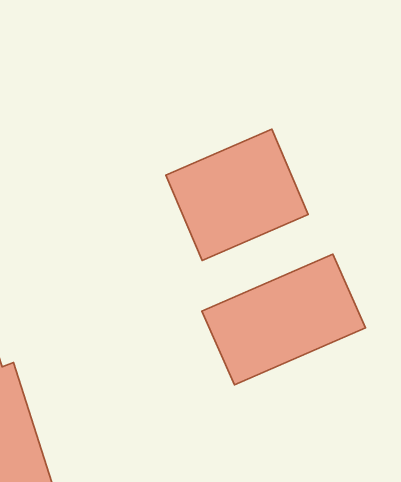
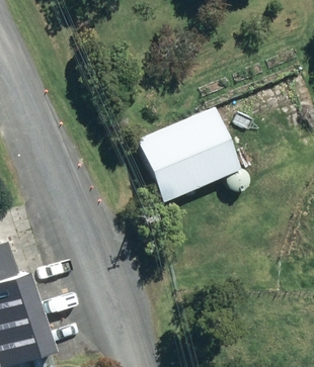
building: [202,254,366,385] -> none

